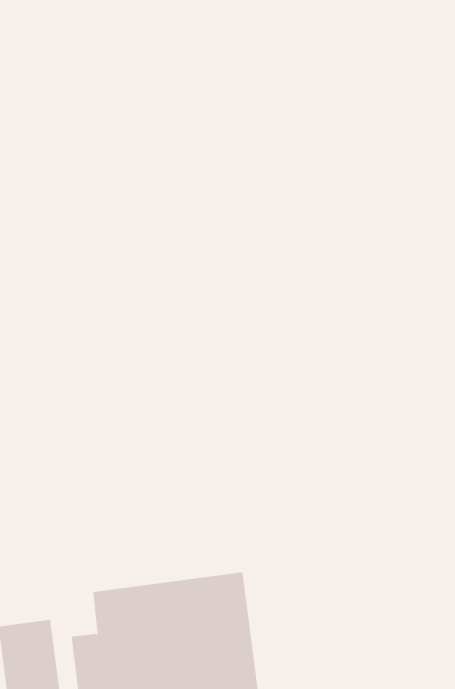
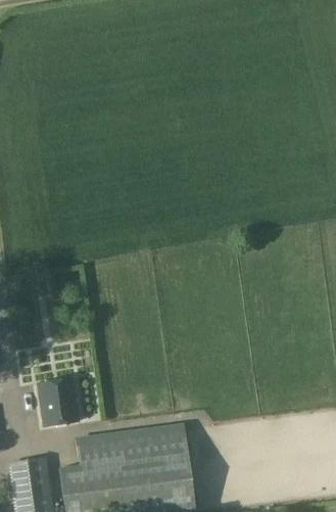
building: none -> [38,377,81,425]

